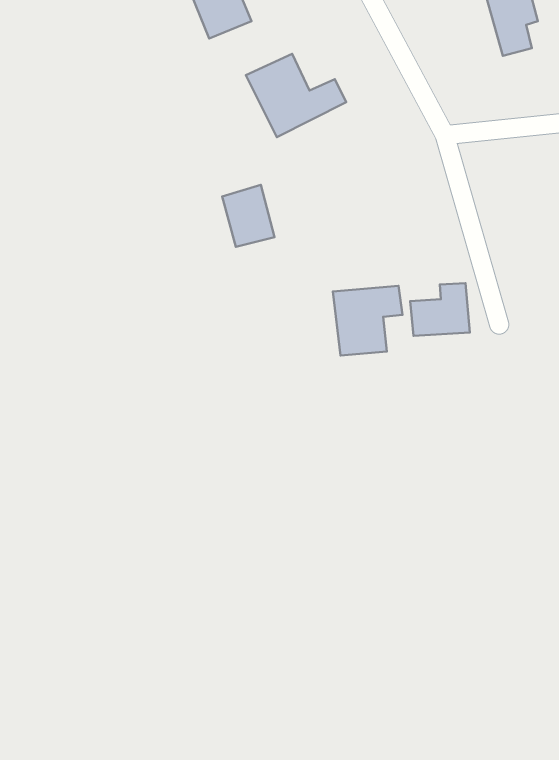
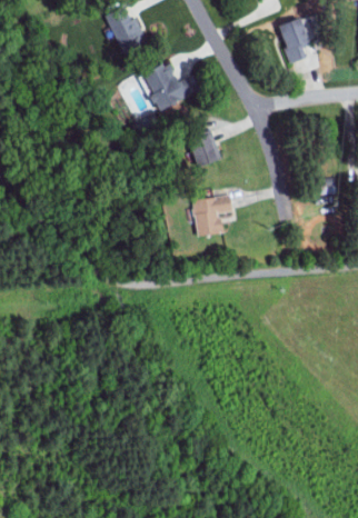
building: [222,185,274,247] -> [189,130,219,166]
building: [410,283,470,336] -> none

